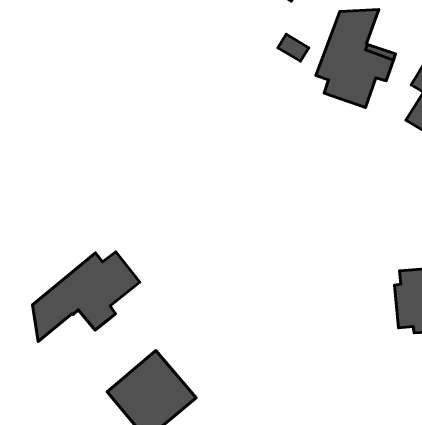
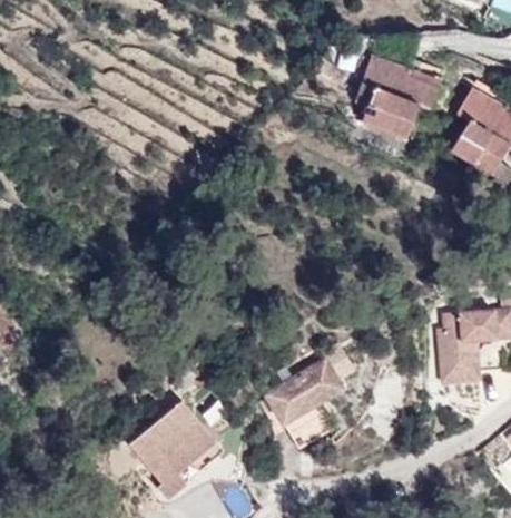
building: [32,252,140,341] -> none
building: none -> [264,359,342,449]

